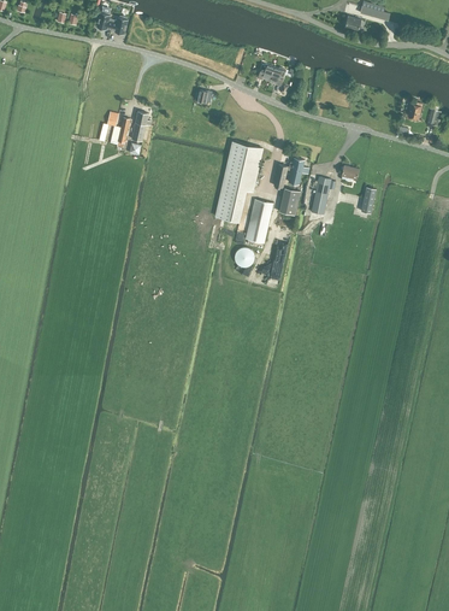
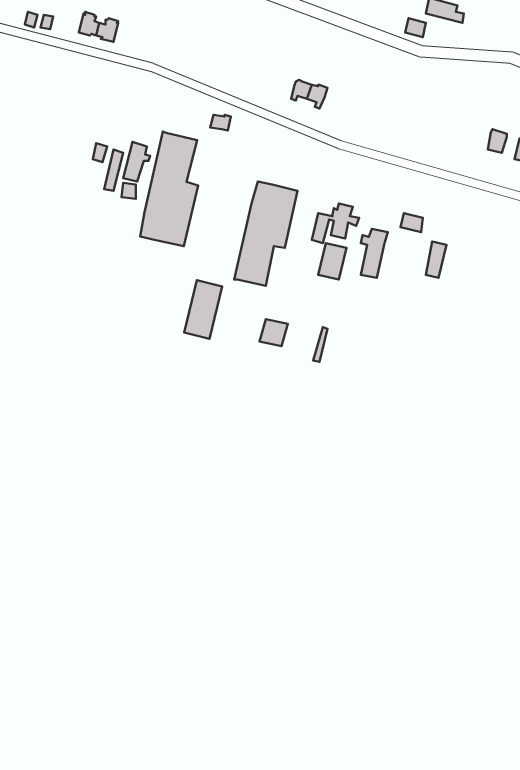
building: none -> [140,131,198,246]
building: [244,199,273,243] -> [184,280,222,339]

